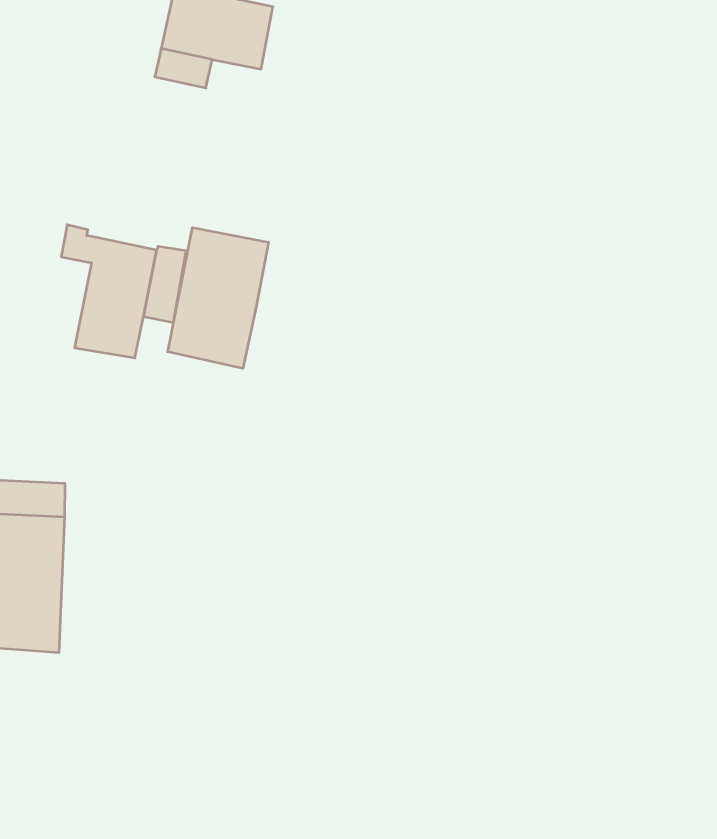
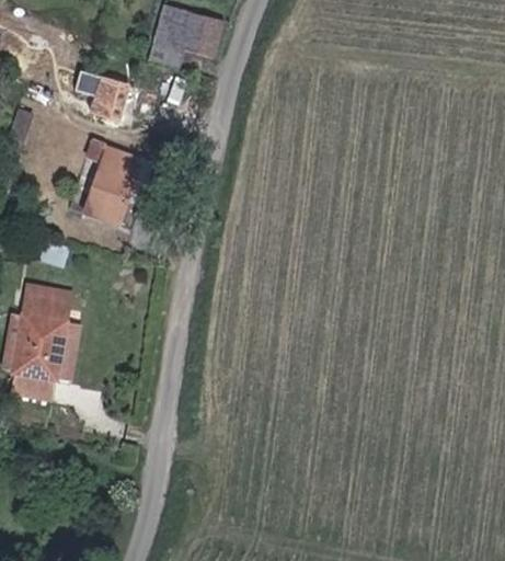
building: none -> [90,75,129,122]
building: [168,228,269,368] -> none

